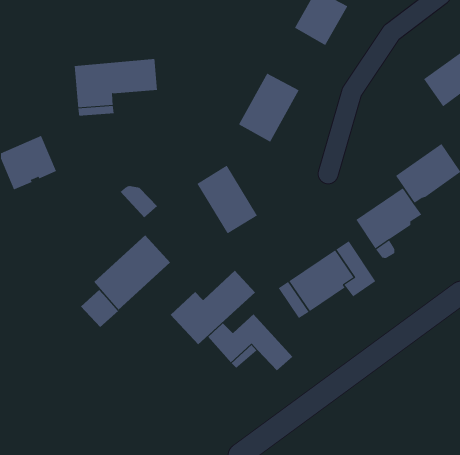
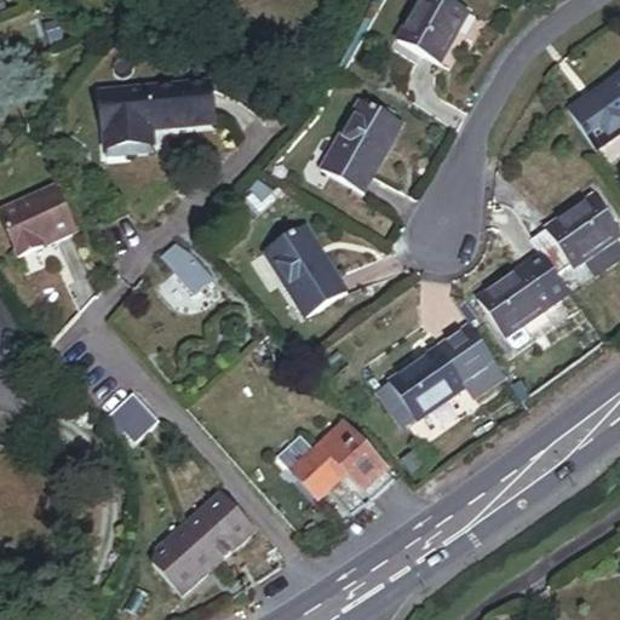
building: [94,234,171,310] -> none
building: [170,270,256,345] -> none
building: none -> [153,489,254,595]

